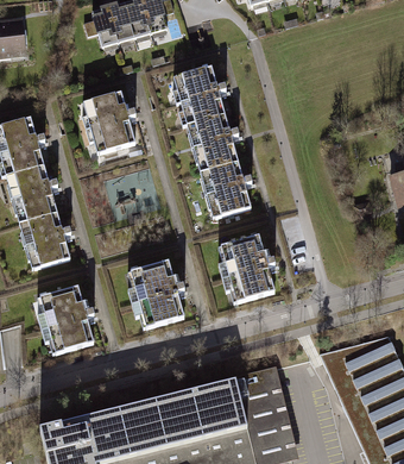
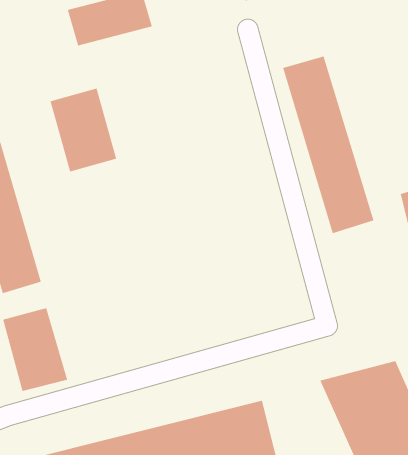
building: [172,64,255,225] -> [282,56,375,234]
building: [217,234,277,312] -> none
building: [127,261,187,337] -> none

